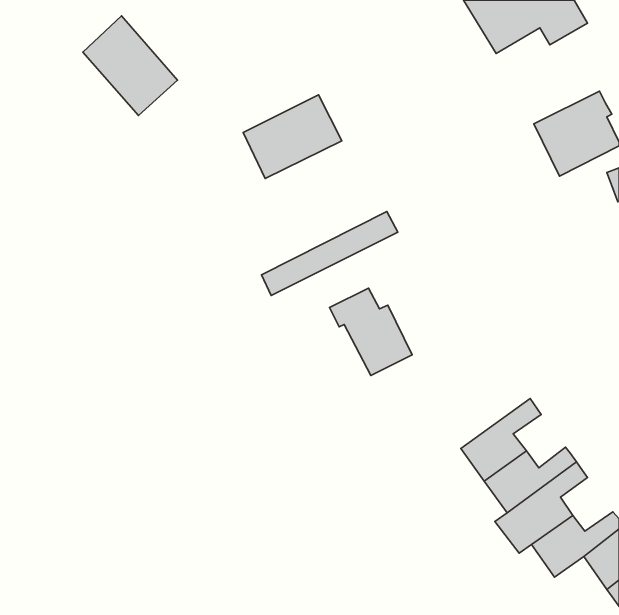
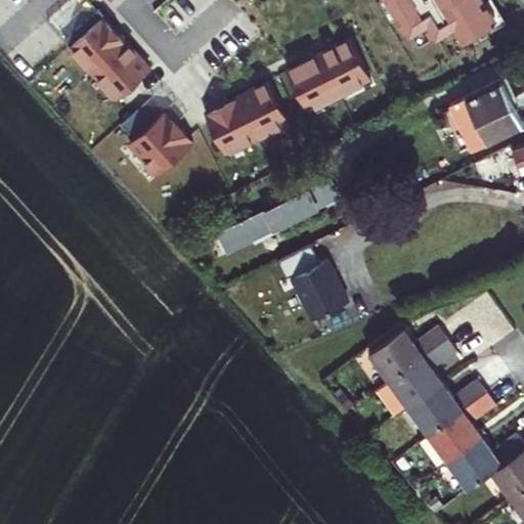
building: none -> [286,40,368,112]
building: none -> [132,111,196,174]
building: none -> [367,328,446,383]

